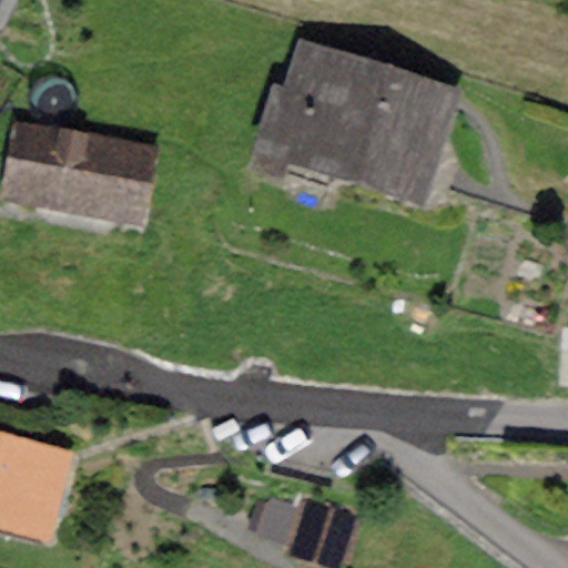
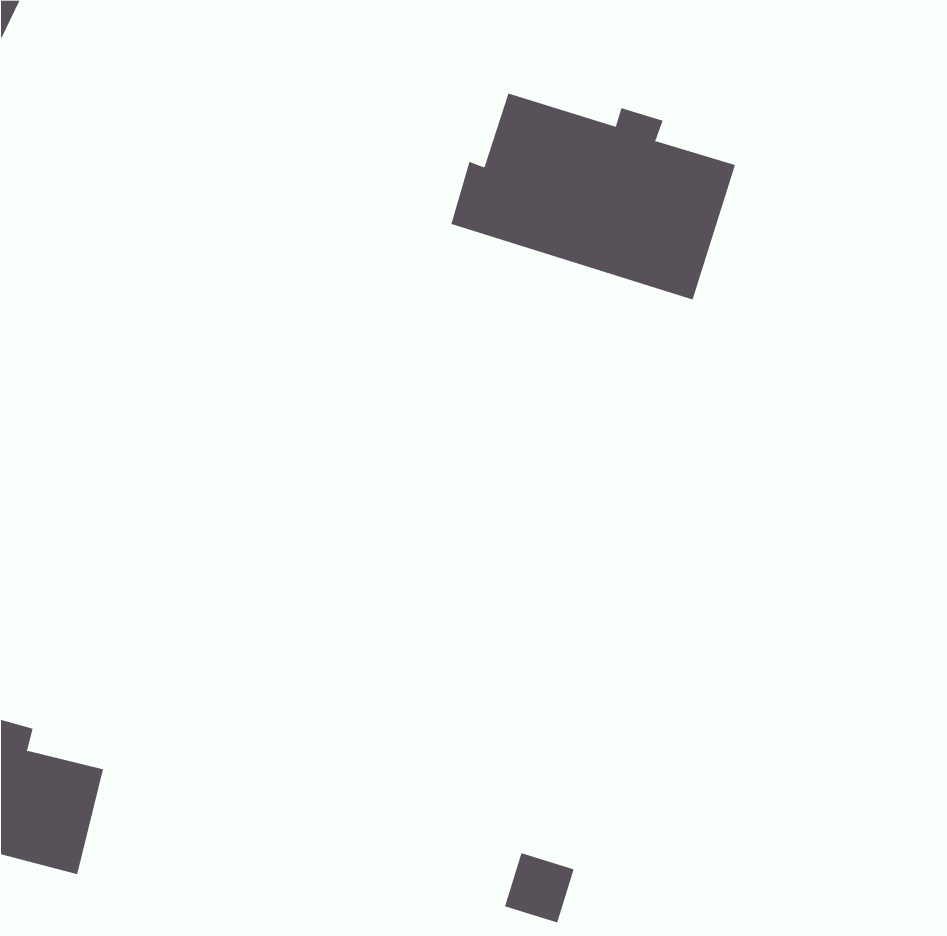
building: [8,134,149,216] -> none

